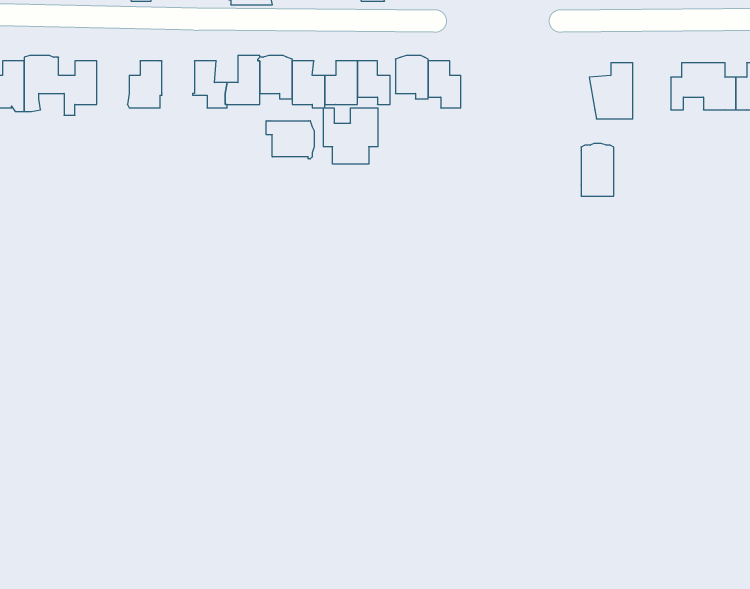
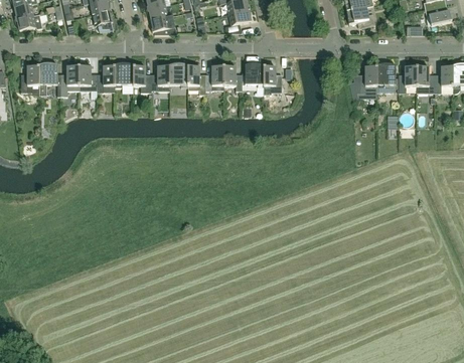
building: none -> [115,61,134,85]
building: none -> [80,64,98,88]
building: [323,108,378,164] -> none
building: [266,121,314,159] -> none
building: [581,143,614,196] -> [377,61,396,90]

